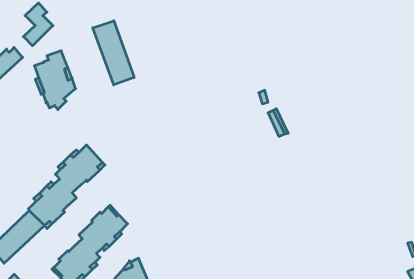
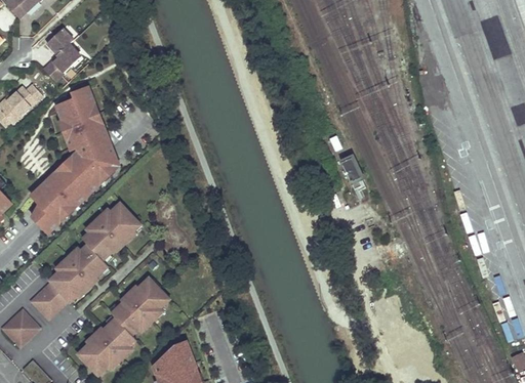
building: [93,21,134,85] -> none
building: none -> [31,133,119,233]

